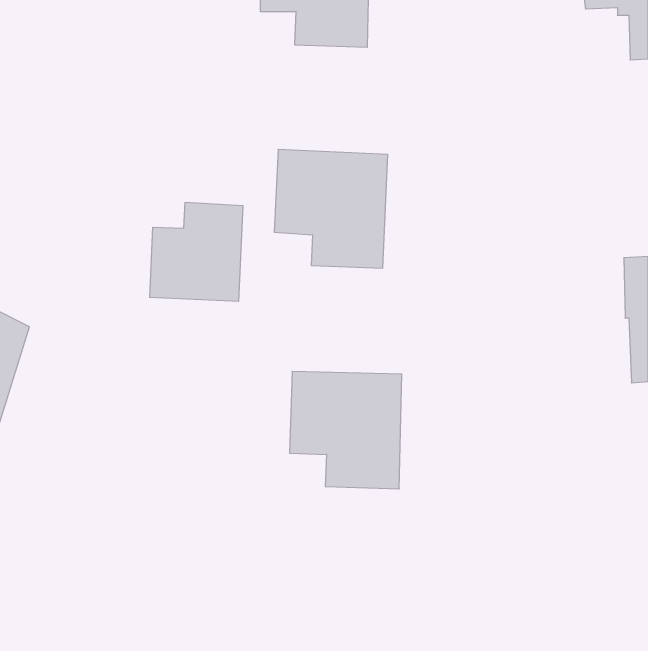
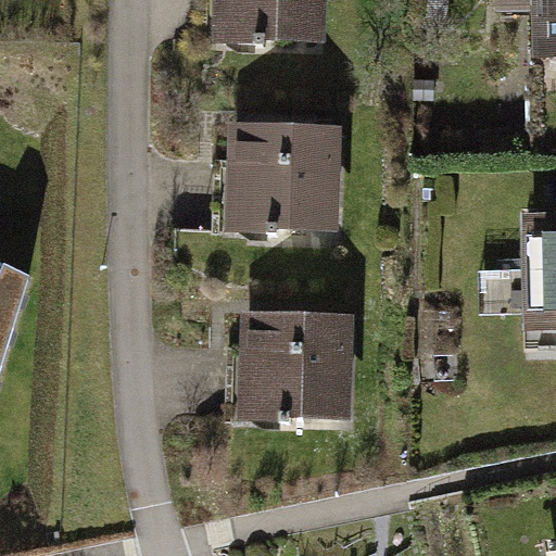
building: [150,202,243,301] -> none

